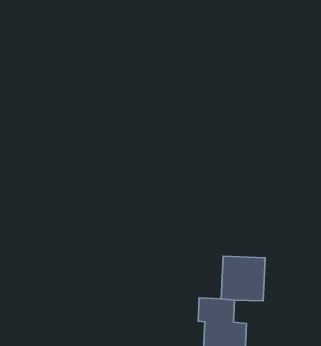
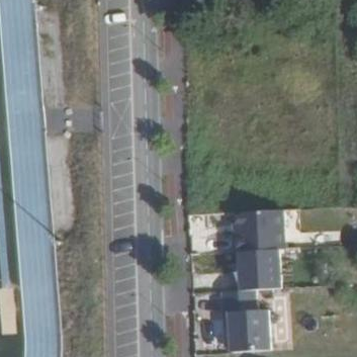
building: none -> [235,208,285,251]

